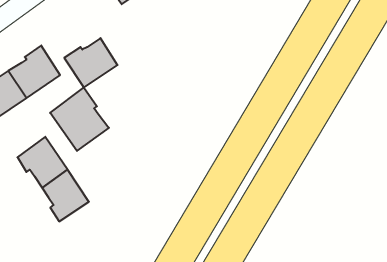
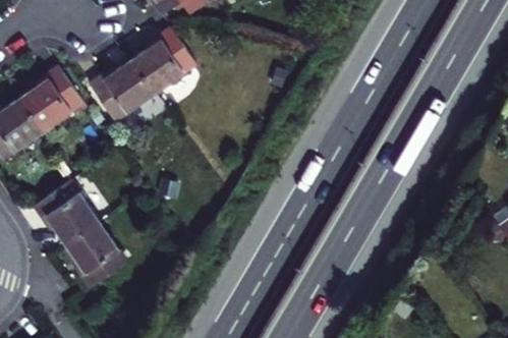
building: none -> [136,25,199,90]
building: [50,87,109,151] -> none

